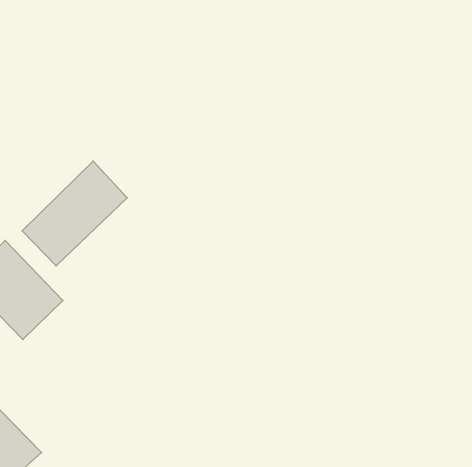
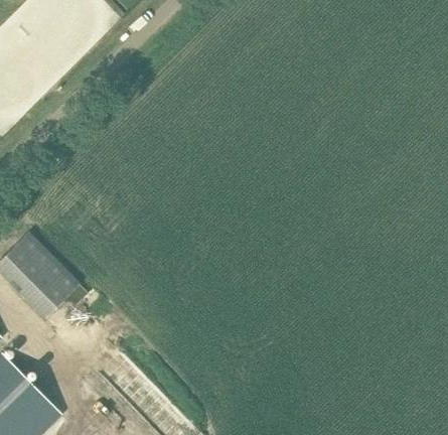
building: [22,161,127,266] -> none

